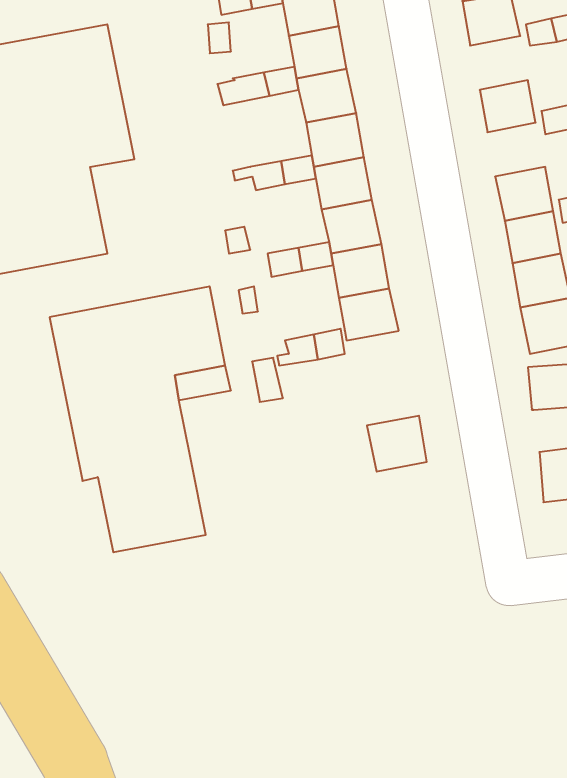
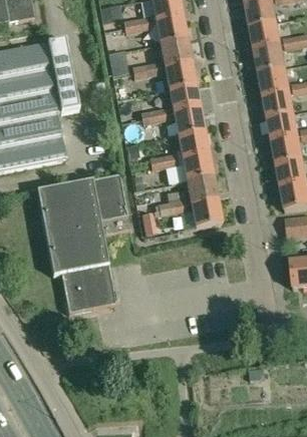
building: none -> [254,44,284,72]
building: none -> [263,89,293,117]
building: [367,416,427,472] -> [190,197,221,227]

